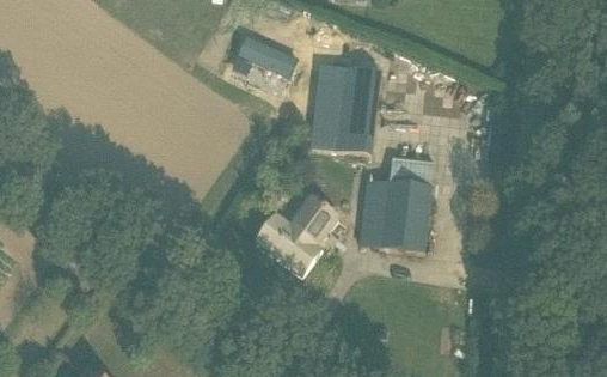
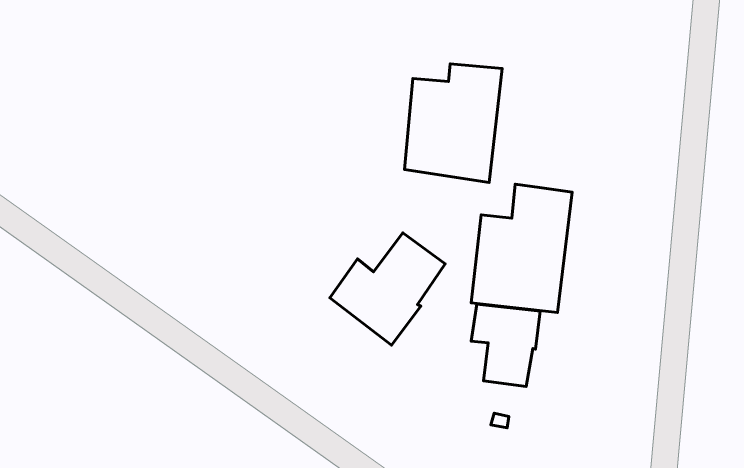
building: [237,35,298,77] -> none
building: none -> [471,304,540,386]

